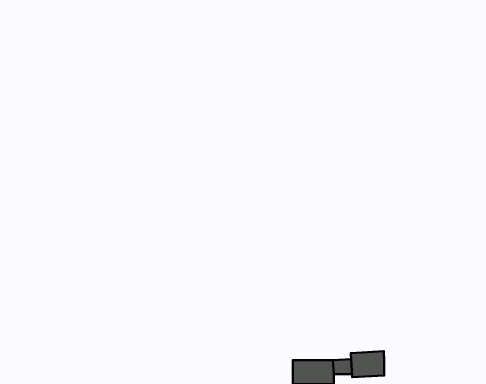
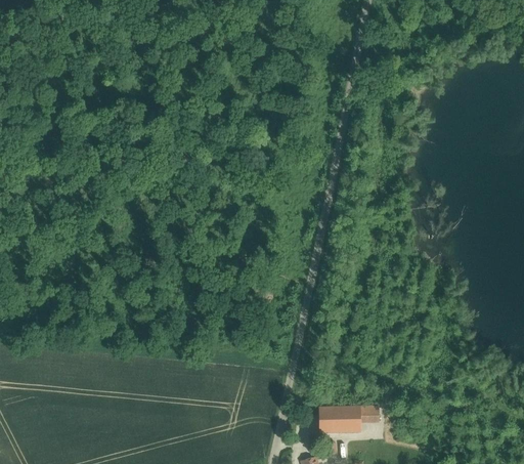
building: [351,351,384,377] -> none

